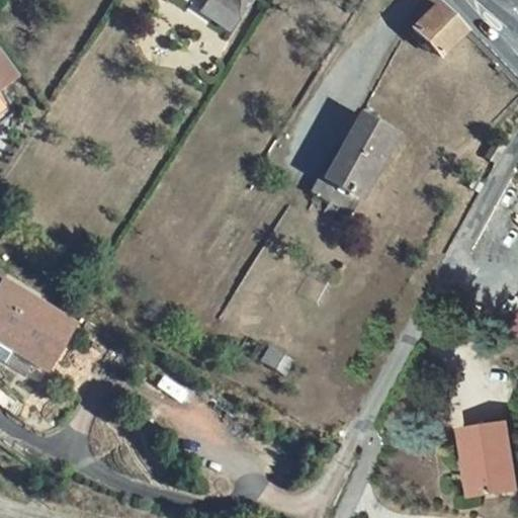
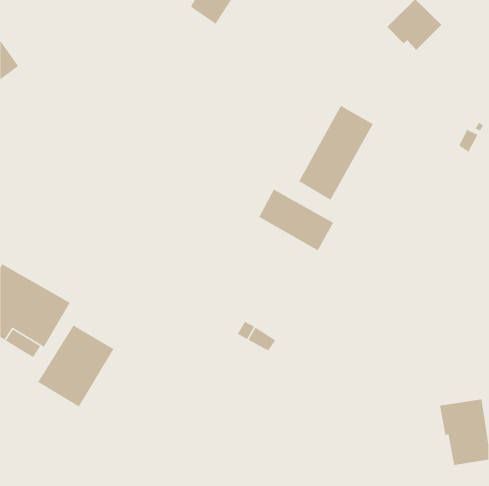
building: none -> [258,189,334,252]
building: none -> [37,324,114,407]

